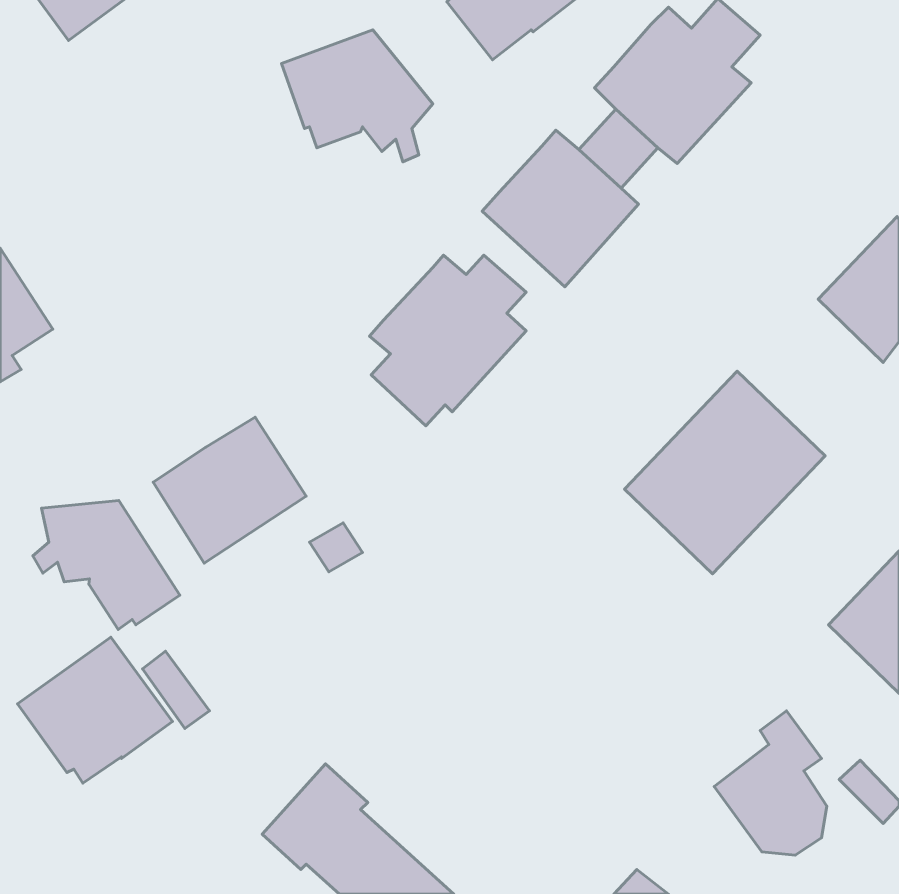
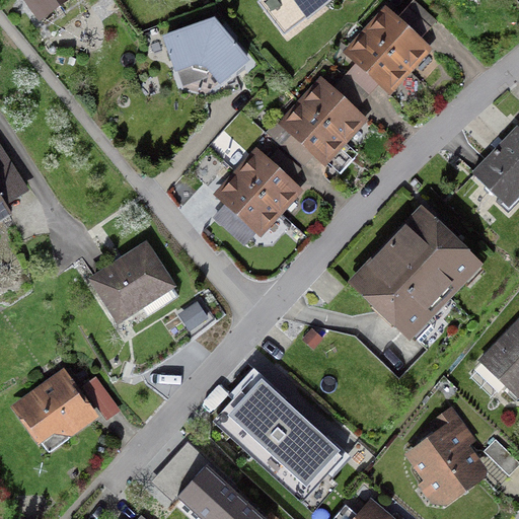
building: [33,501,180,629] -> none
building: none -> [219,375,343,494]

